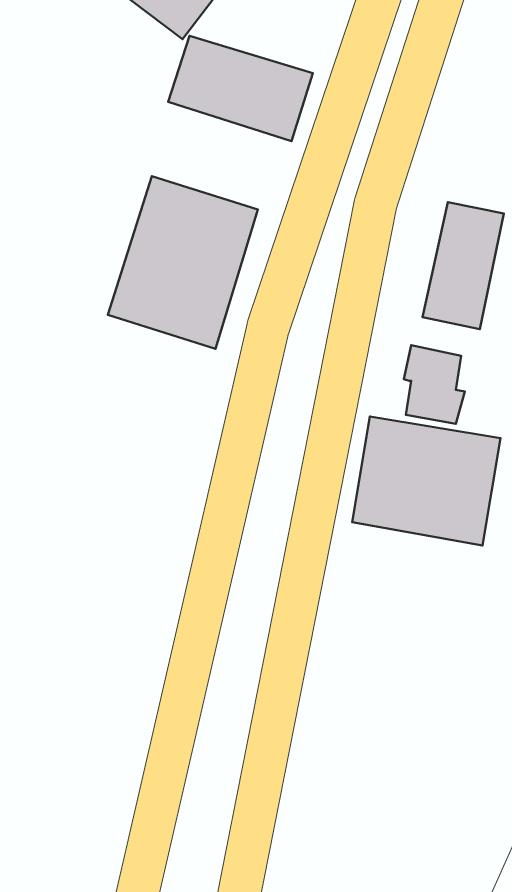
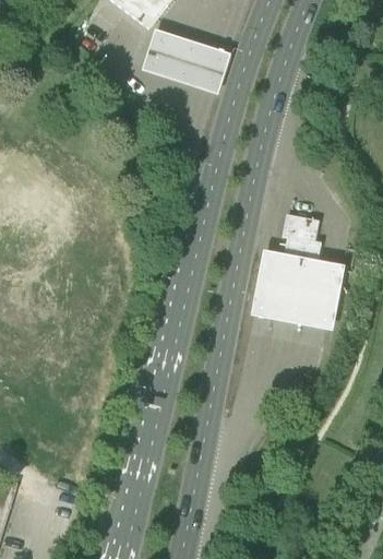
building: [108,176,258,349] -> none
building: [422,202,504,329] -> none

